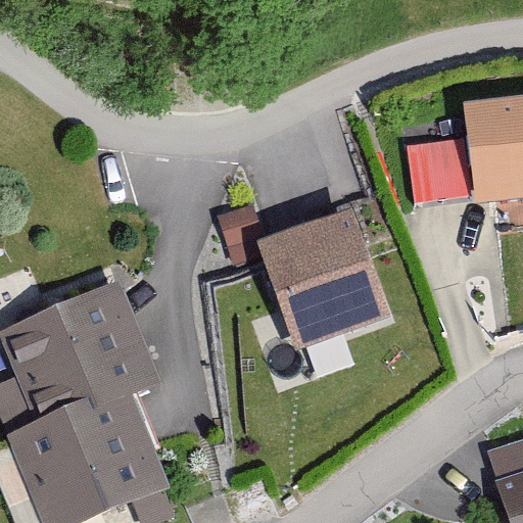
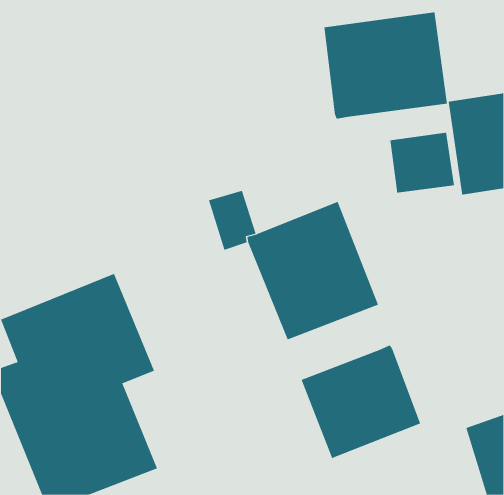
building: none -> [324,11,447,120]
building: none -> [301,345,421,459]

